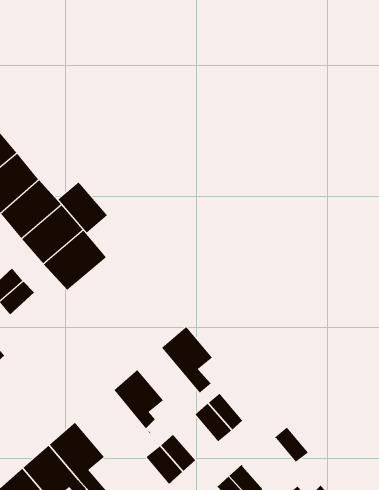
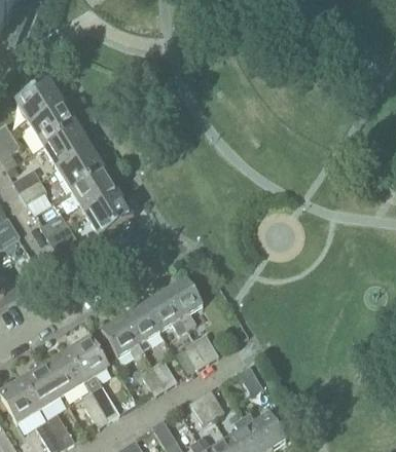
building: [58,181,108,233] -> none
building: none -> [144,289,188,332]
building: none -> [101,315,146,357]

